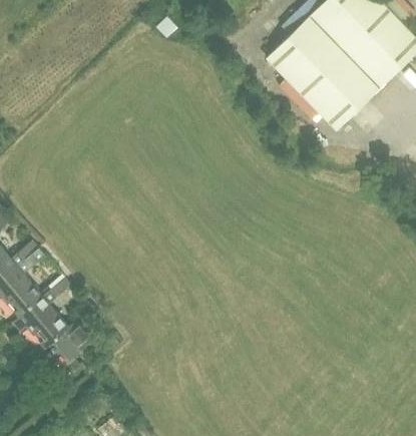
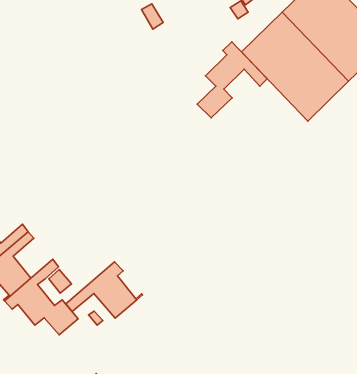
building: none -> [197,42,267,118]
building: none -> [66,262,143,318]

